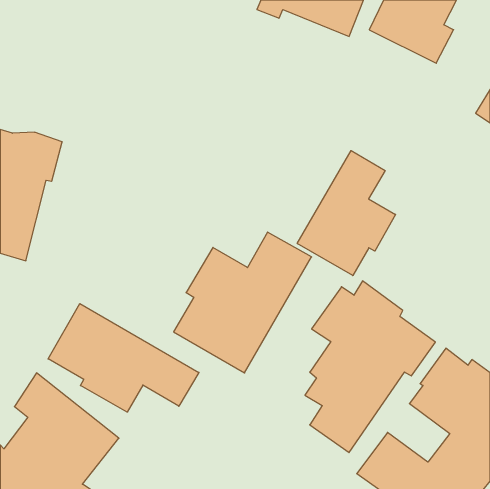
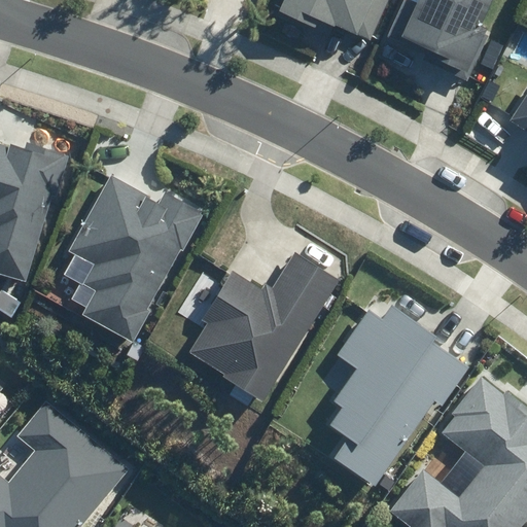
building: [297,151,396,276] -> none
building: none -> [66,172,203,342]
building: [48,304,199,412] -> none

